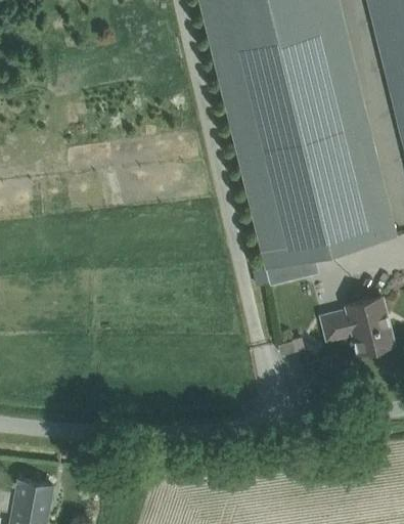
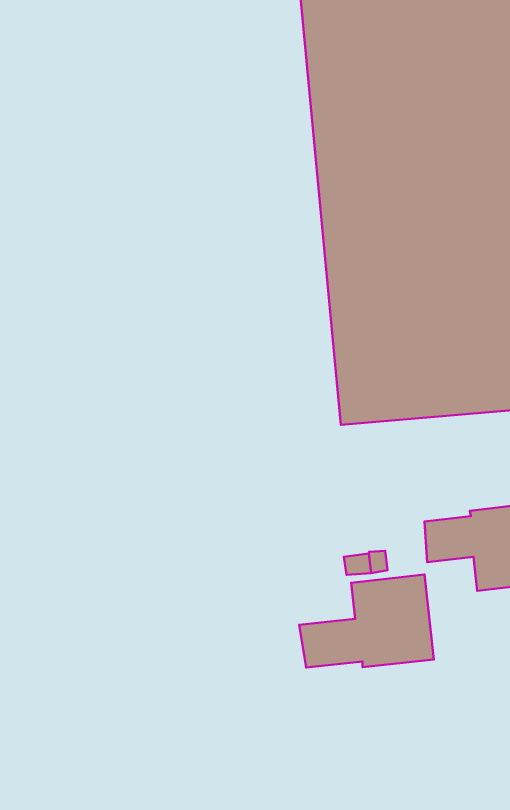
building: none -> [299,574,434,668]

